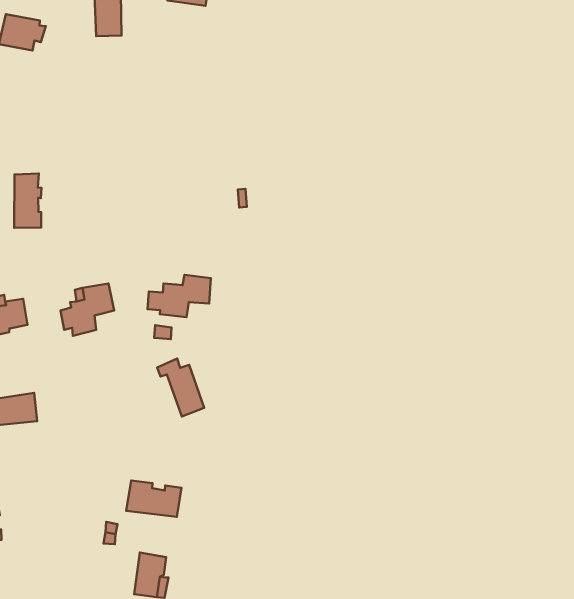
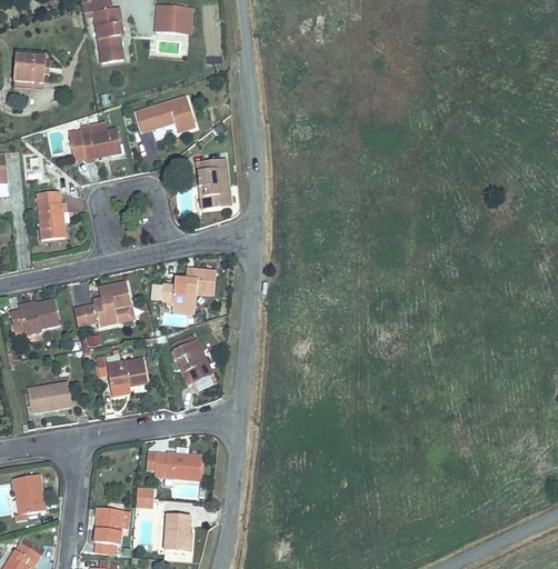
building: none -> [137,96,193,129]
building: none -> [66,128,118,160]
building: none -> [195,157,228,206]
building: none -> [94,358,146,396]
building: none -> [99,510,124,547]

